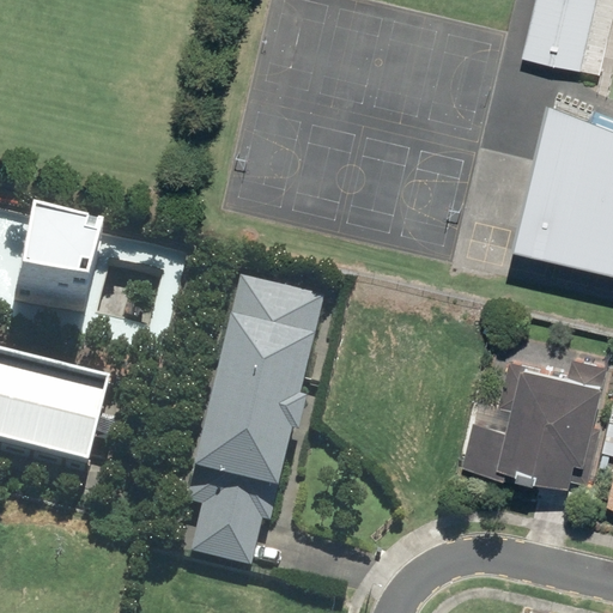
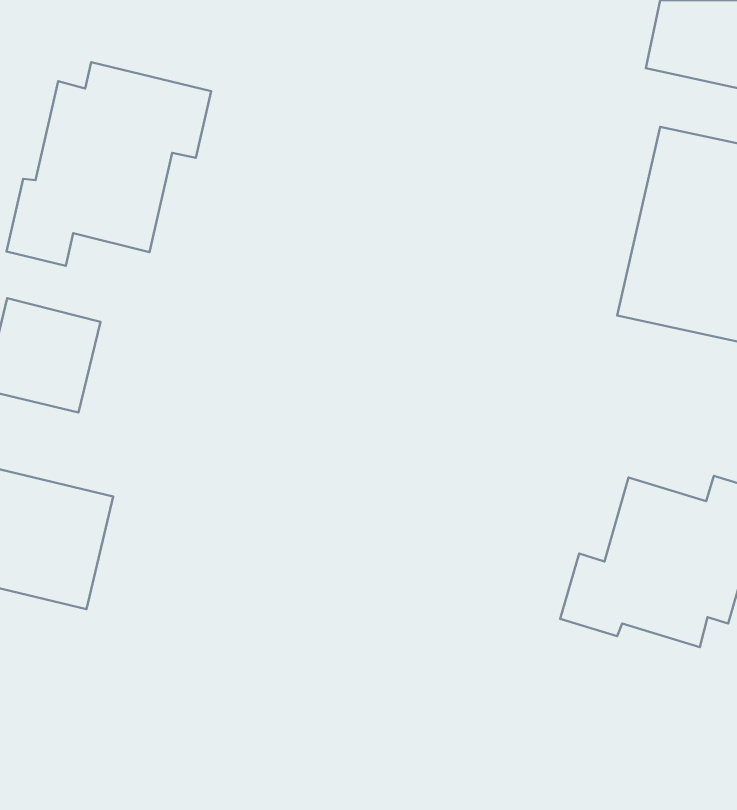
building: none -> [6,62,211,266]
building: [186,277,333,568] -> none

